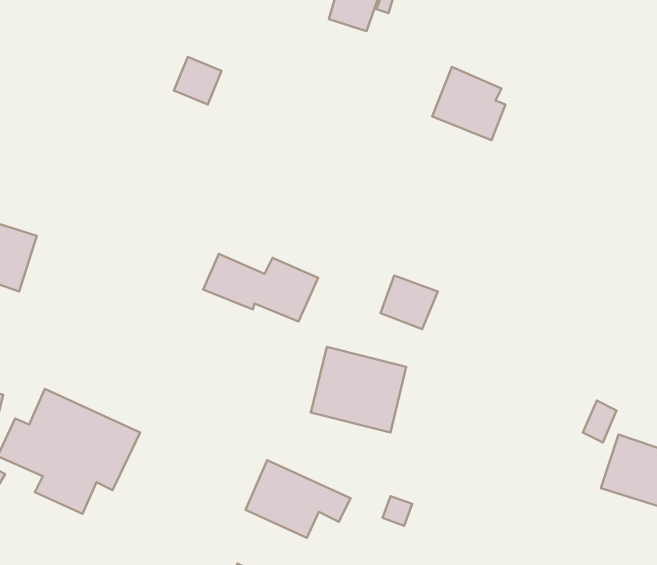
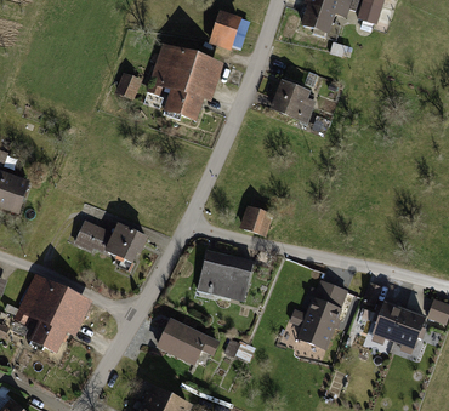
building: none -> [146,42,224,121]
building: [203,254,318,321] -> [75,222,146,263]
building: none -> [289,279,349,349]

